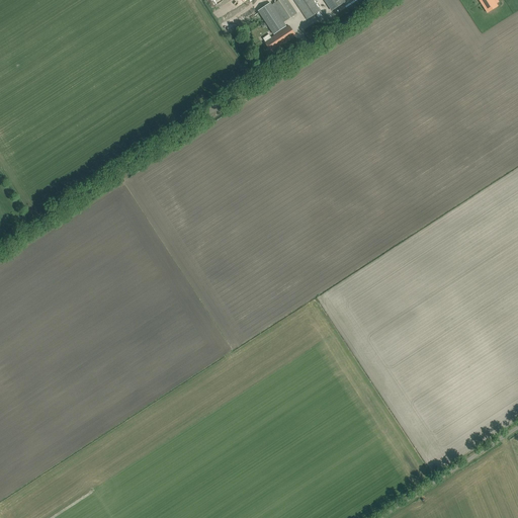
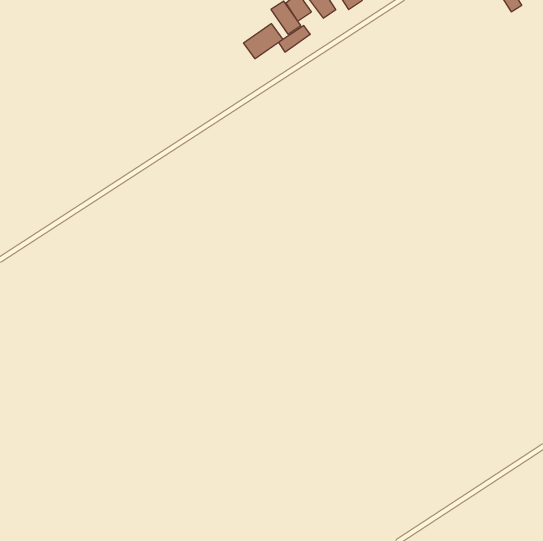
building: none -> [244,24,283,59]

